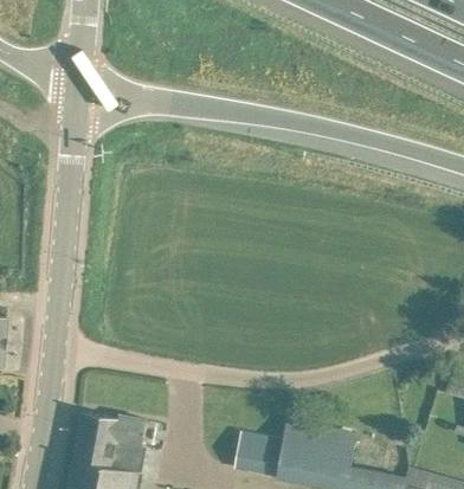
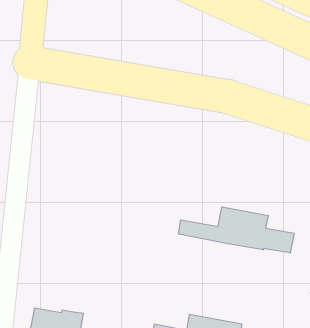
building: none -> [179,207,294,253]

